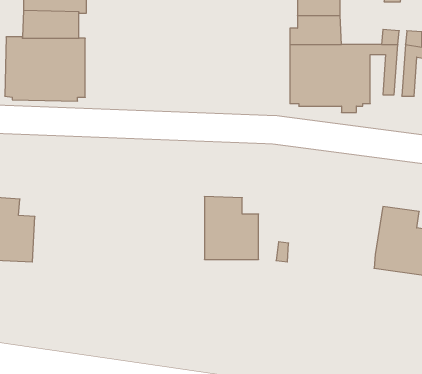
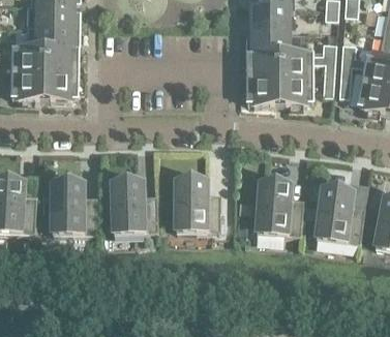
building: none -> [112,180,157,232]
building: none -> [257,180,303,235]
building: none -> [52,181,96,233]

